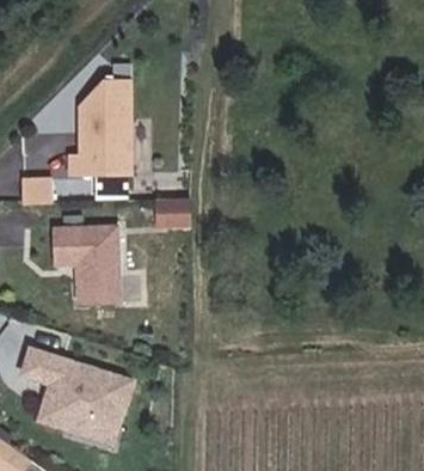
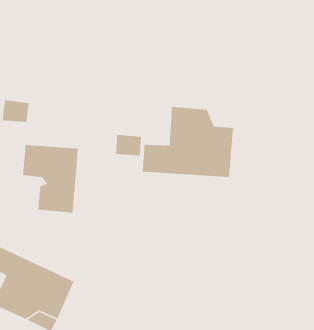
building: [73,79,134,176] -> none
building: none -> [142,106,234,178]

